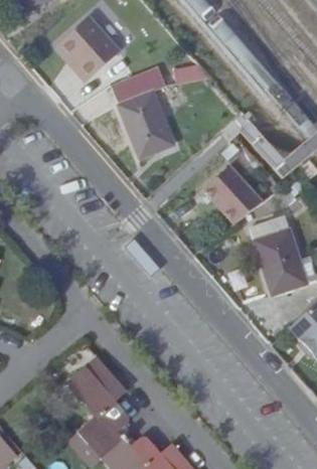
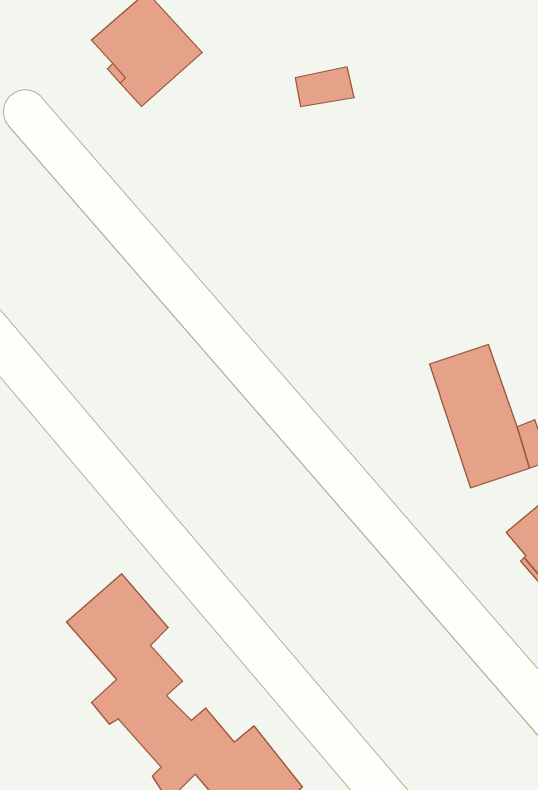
building: [113,66,175,159] -> none
building: [208,159,264,216] -> none

